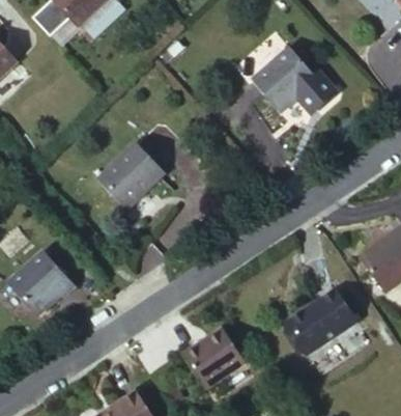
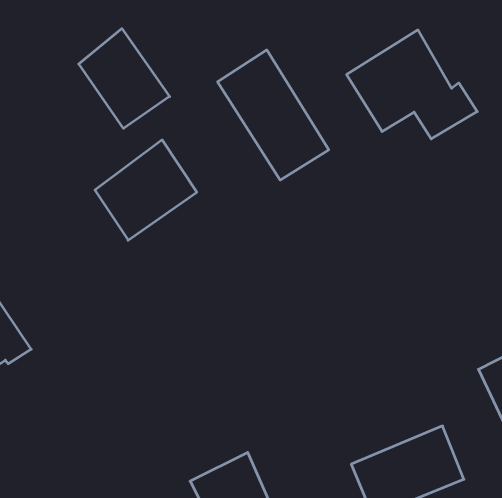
building: none -> [218,50,329,180]
building: none -> [79,29,170,128]

